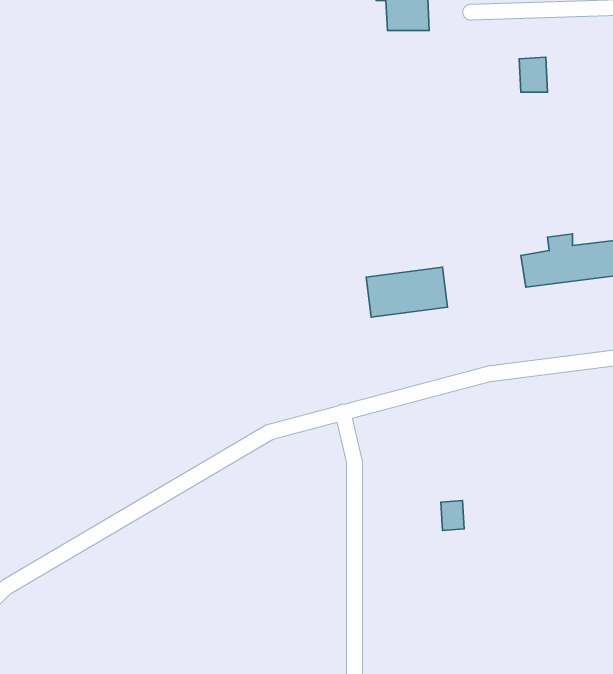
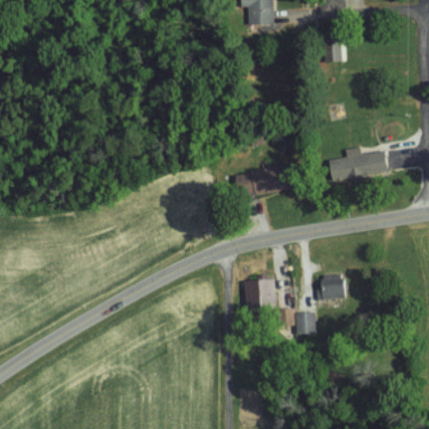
building: none -> [316,274,344,299]
building: none -> [244,279,275,308]
building: none -> [295,312,315,336]

